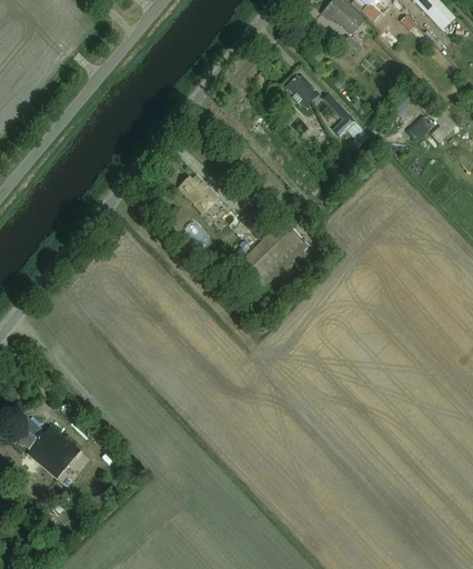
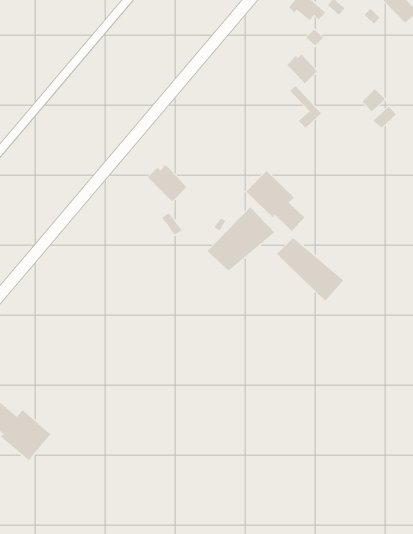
building: [286,76,319,107] -> [286,54,318,84]
building: none -> [246,170,305,232]
building: none -> [276,237,344,301]

